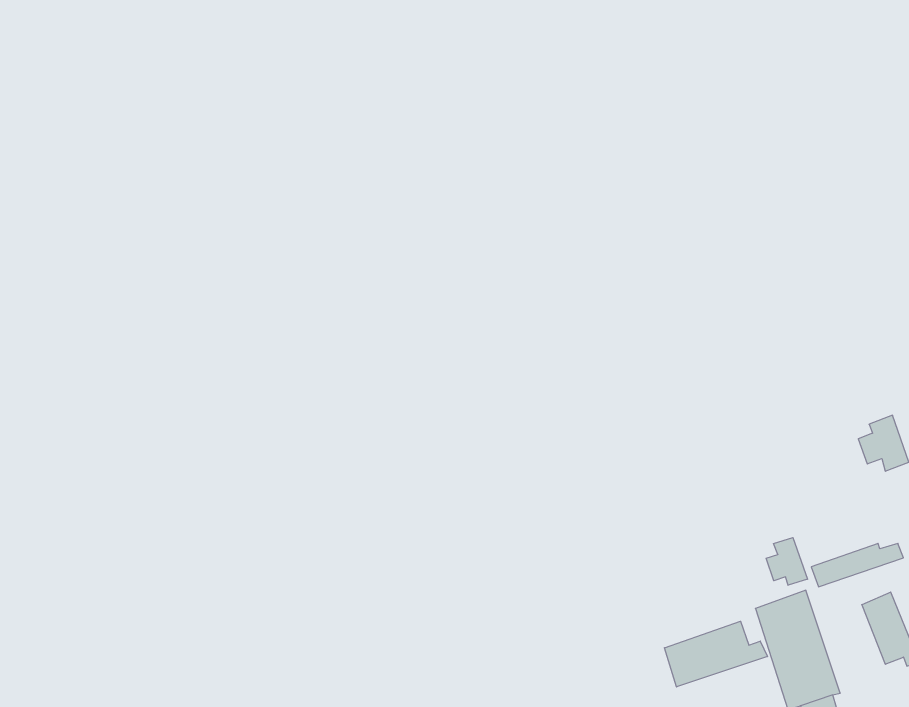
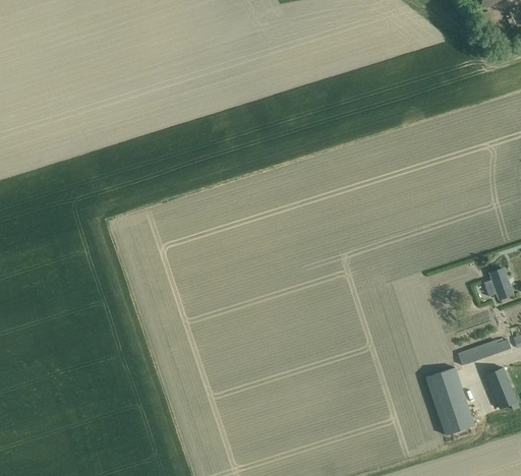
building: [766,538,808,585] -> none
building: [664,621,767,687] -> none

